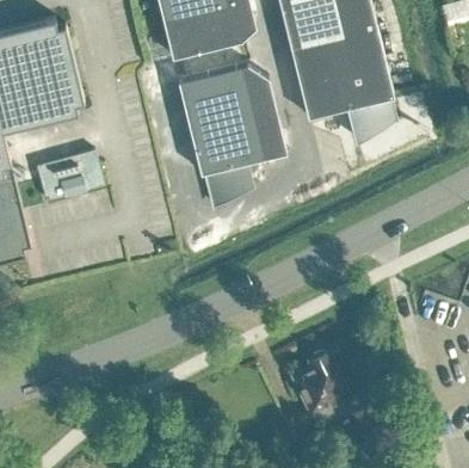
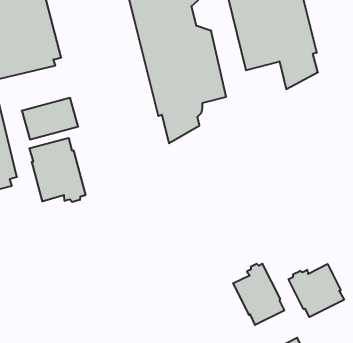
building: none -> [29,138,85,202]
building: none -> [289,264,344,317]

